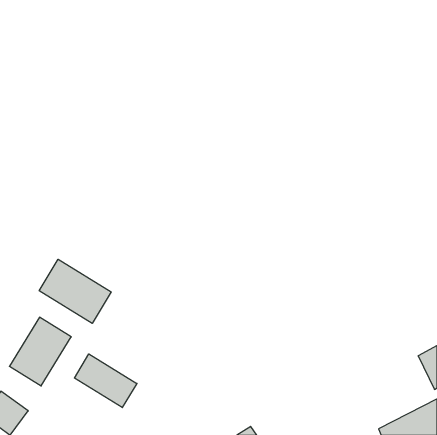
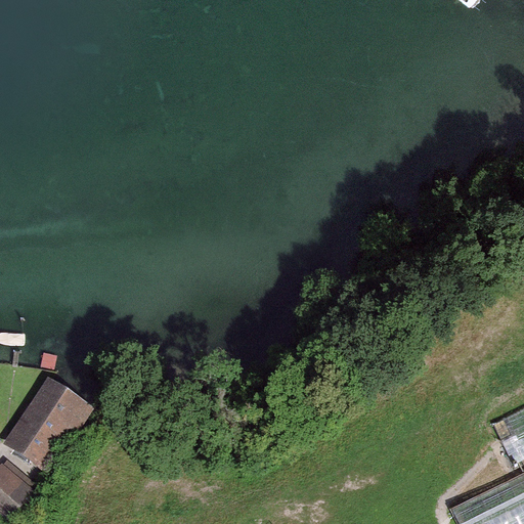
building: [39,259,111,323] -> none
building: [74,354,137,408] -> none

